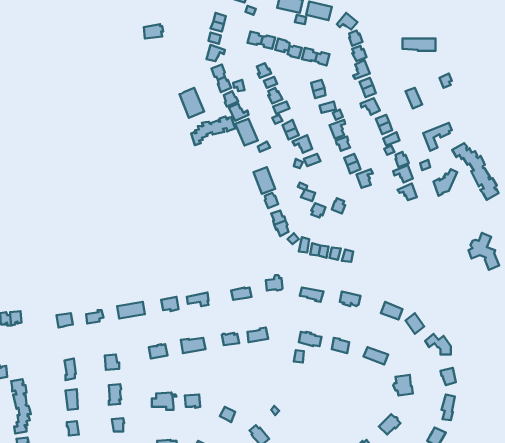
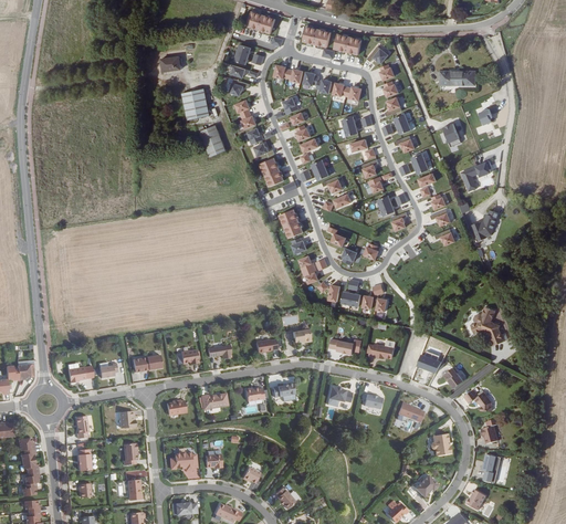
building: none -> [182,87,210,119]
building: [191,117,235,145] -> none
building: [452,143,499,200] -> none
building: [468,233,499,270] -> [471,305,504,345]

